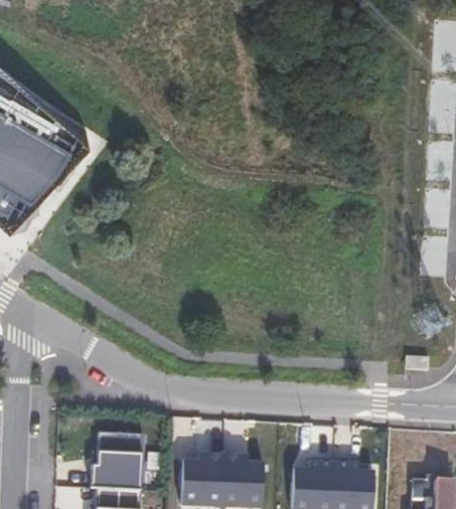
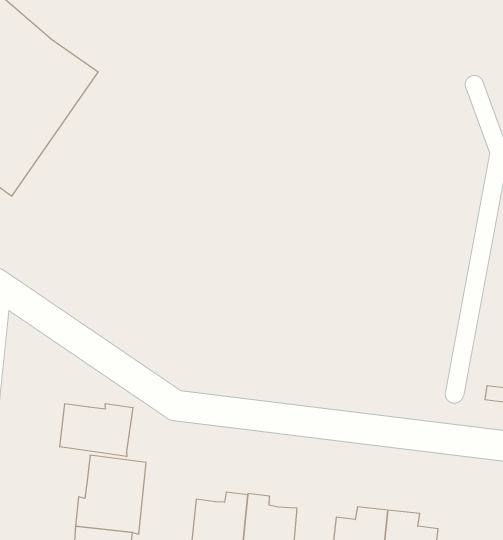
building: none -> [60,404,133,457]

